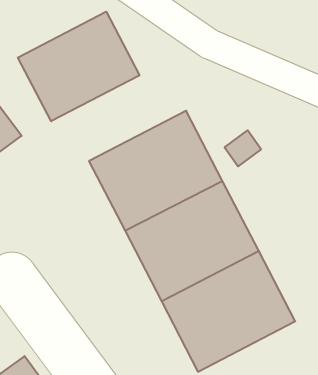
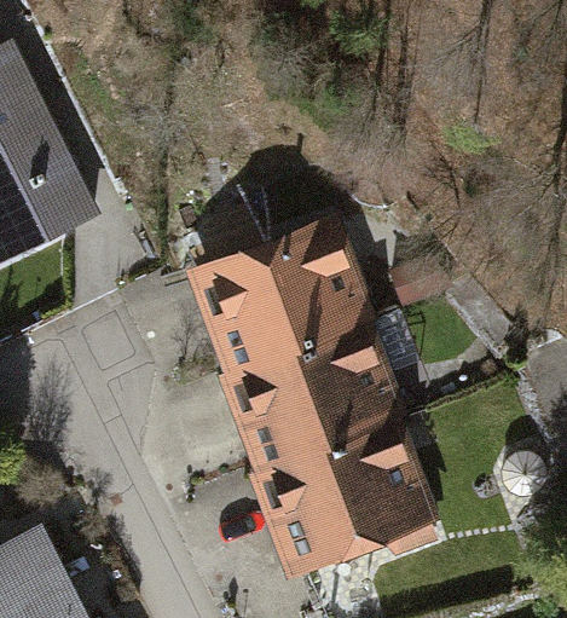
building: [18,12,139,121] -> none

